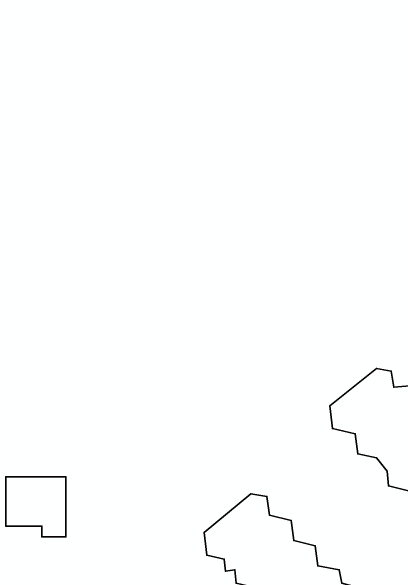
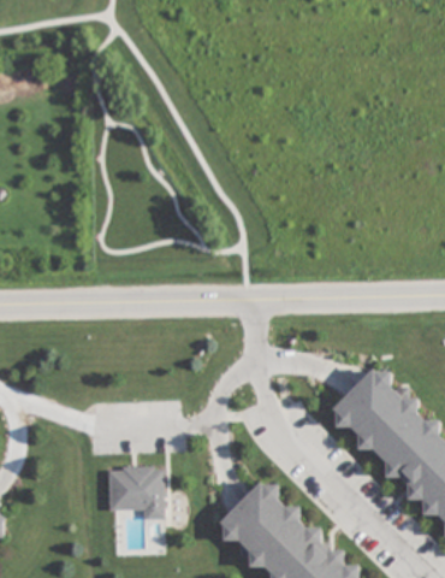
building: [6,477,66,537] -> [107,466,161,520]

